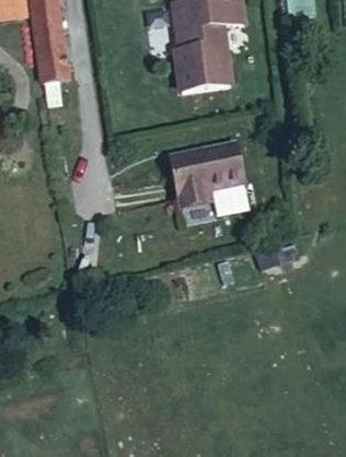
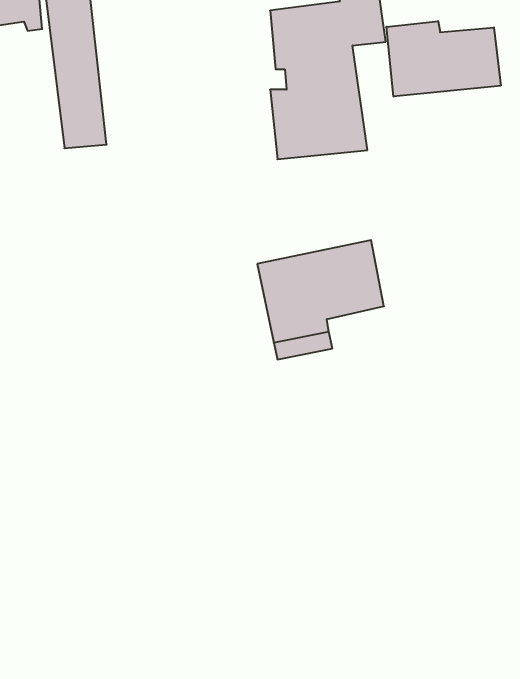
building: none -> [386,21,501,97]

